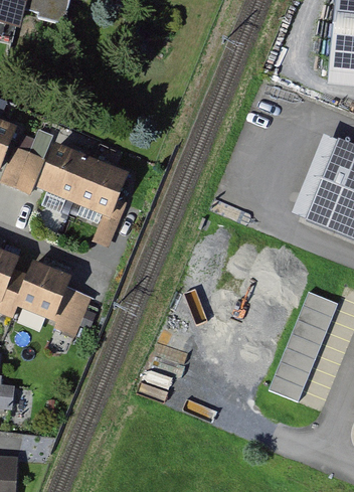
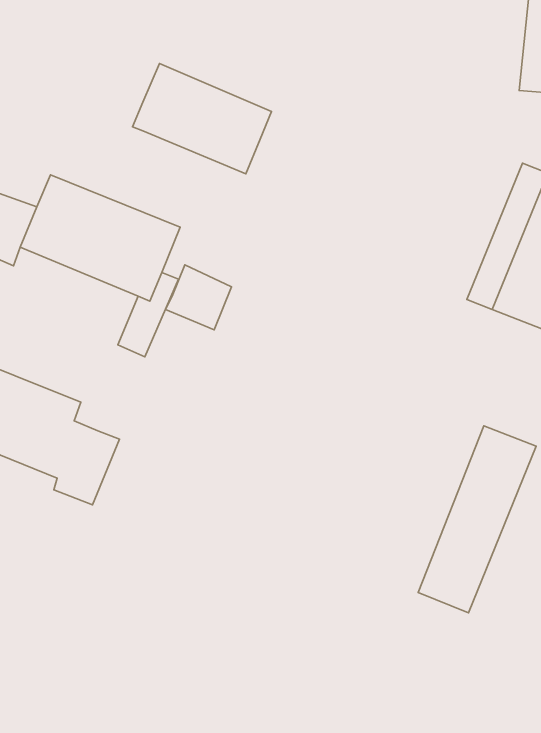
building: none -> [133,63,272,174]
building: none -> [165,265,232,330]

